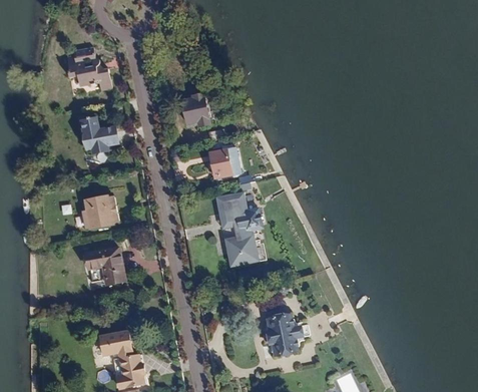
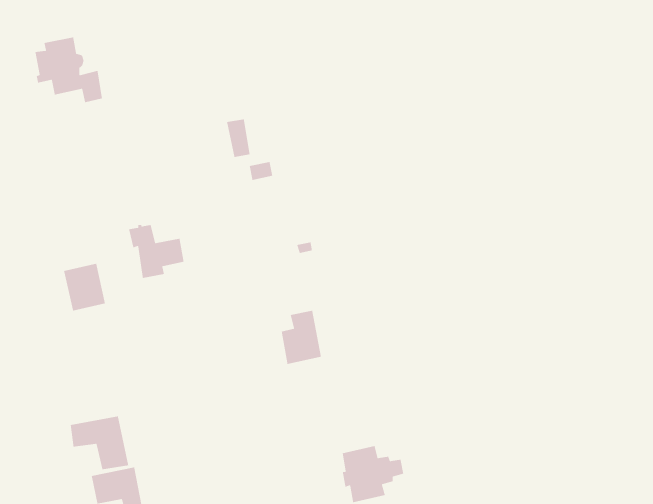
building: [79,118,116,154] -> [128,224,185,279]
building: [207,148,230,178] -> none
building: [218,194,258,230] -> none
building: [85,249,124,285] -> [70,416,129,470]

